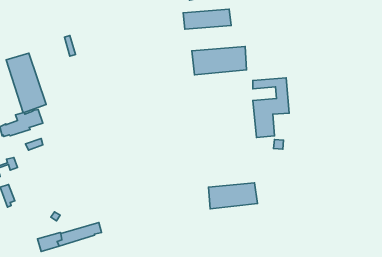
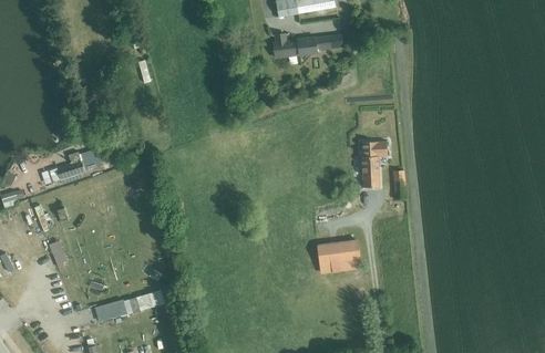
building: [192,47,247,75] -> none
building: [6,53,46,113] -> none

